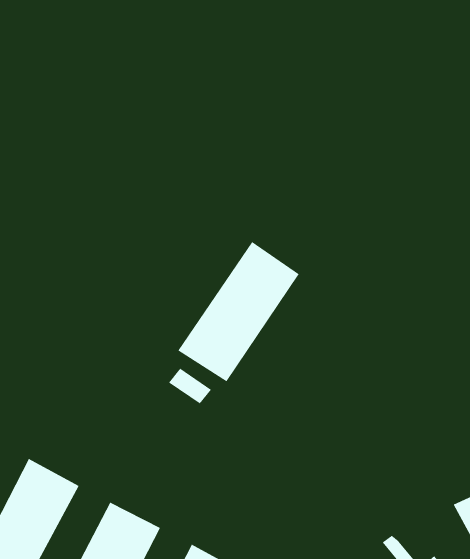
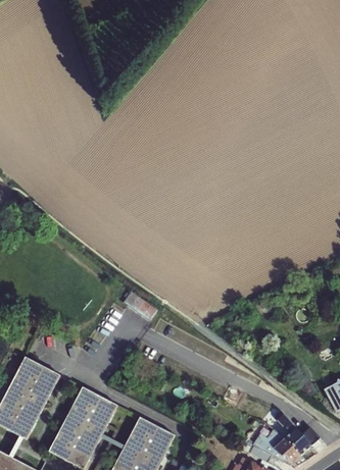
building: [178,241,300,382] -> none

